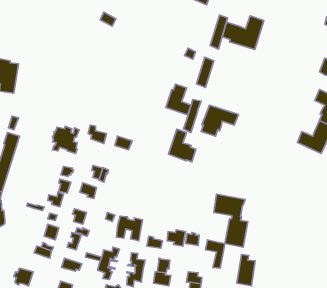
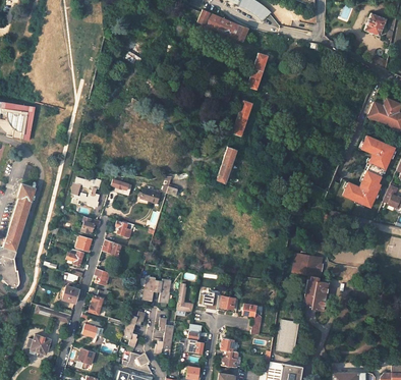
building: [222,16,264,50] -> none
building: [166,84,191,115] -> none
building: [201,105,238,136] -> none
building: [169,129,196,162] -> none
building: [214,194,248,247] -> [291,252,329,311]

